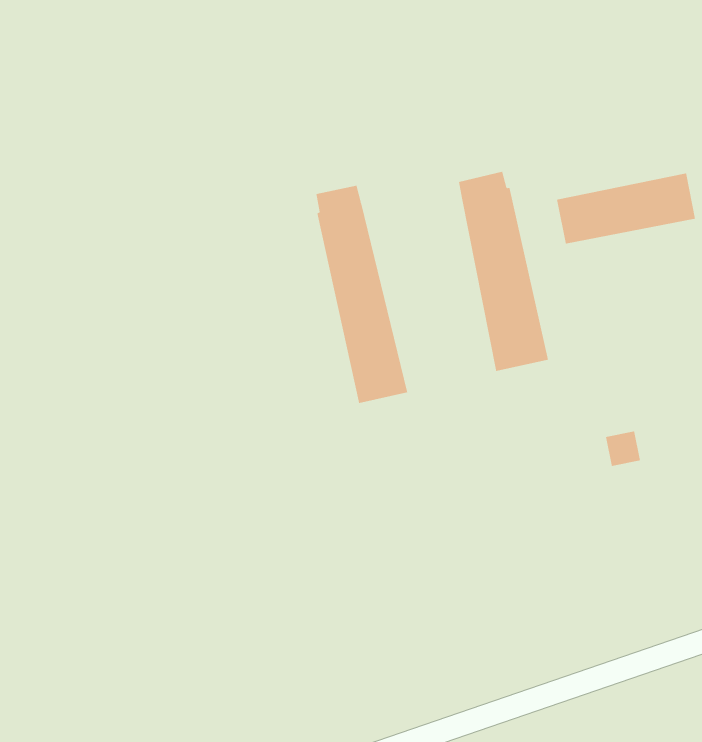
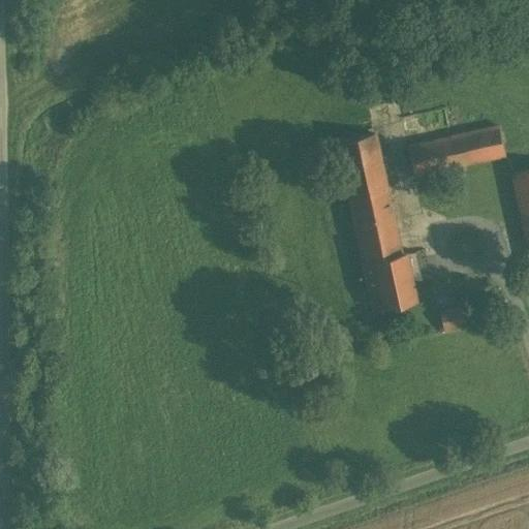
building: [316,185,408,404] -> none
building: none -> [367,257,418,313]

